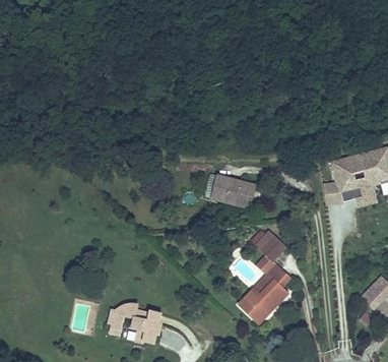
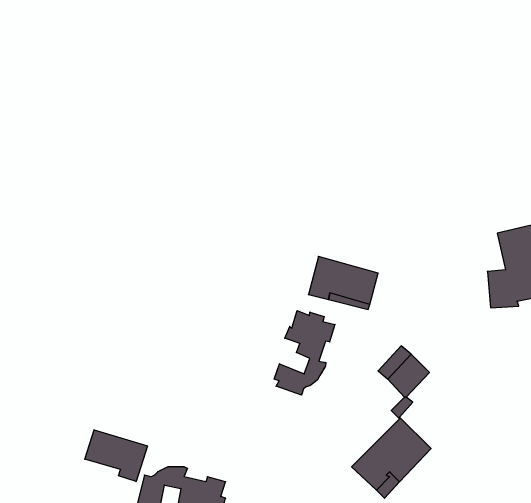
building: none -> [274,311,335,395]
building: none -> [85,430,148,482]

